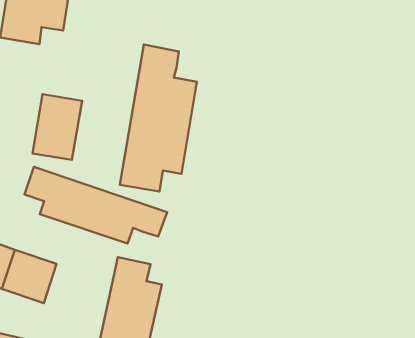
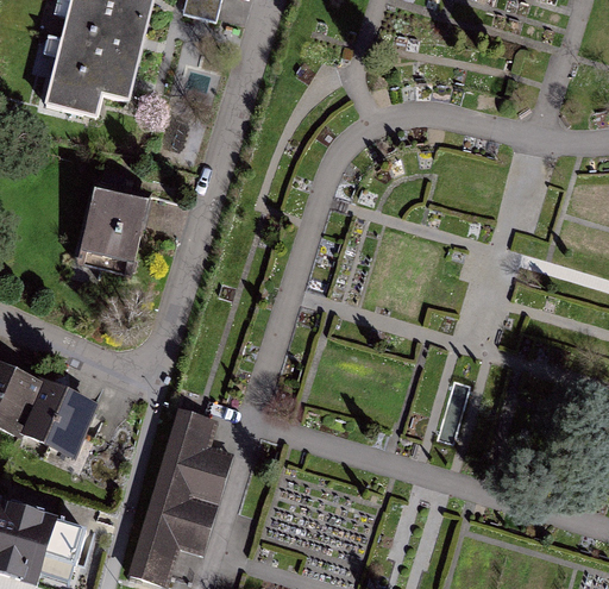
building: [120,45,197,191] -> none
building: [24,167,167,244] -> none

